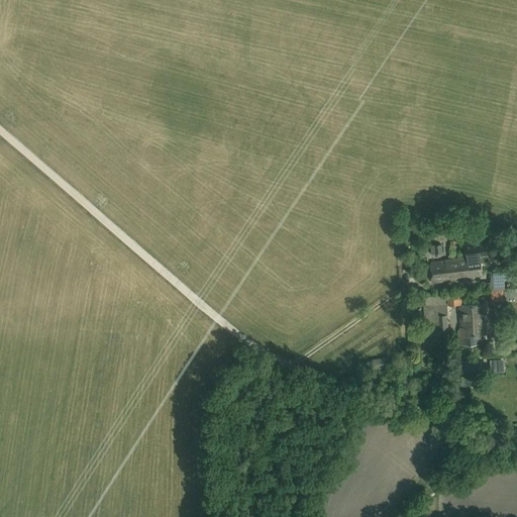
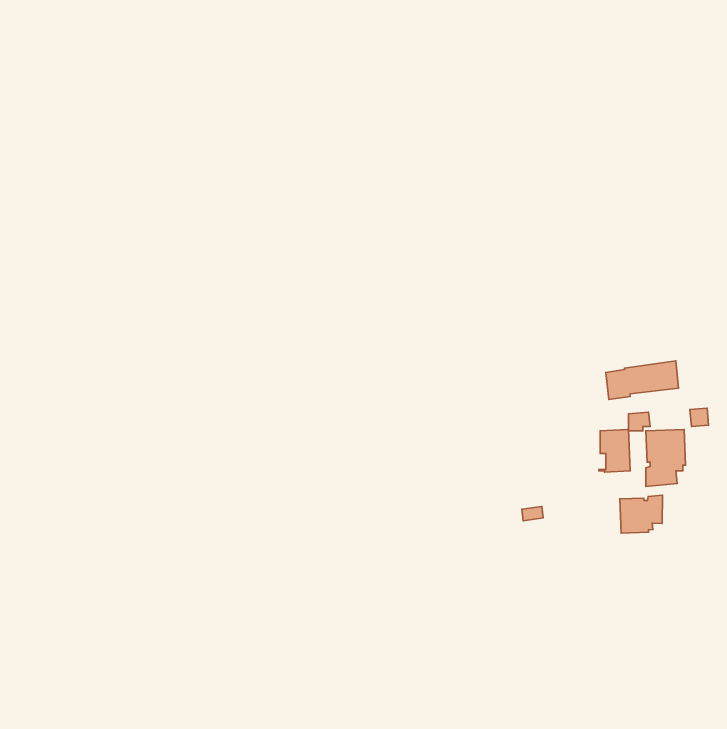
building: none -> [620,495,662,533]

